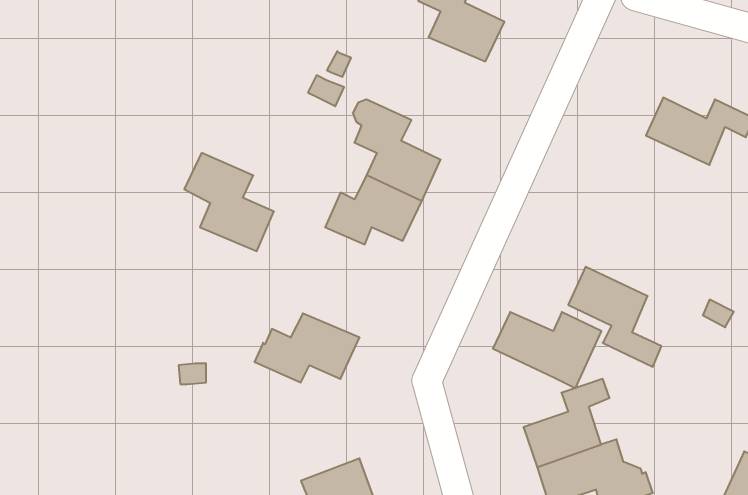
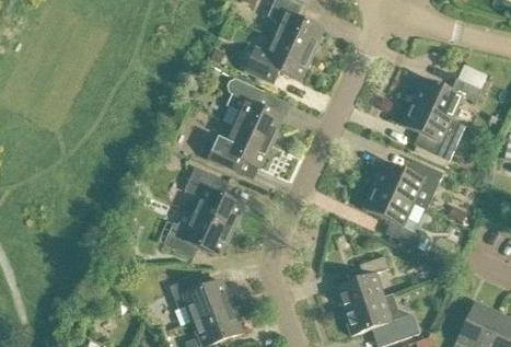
building: none -> [248,38,310,82]
building: none -> [400,101,464,161]
building: [184,153,274,251] -> [184,166,241,229]
building: [493,312,601,388] -> [373,161,442,209]
building: none -> [169,276,230,320]

